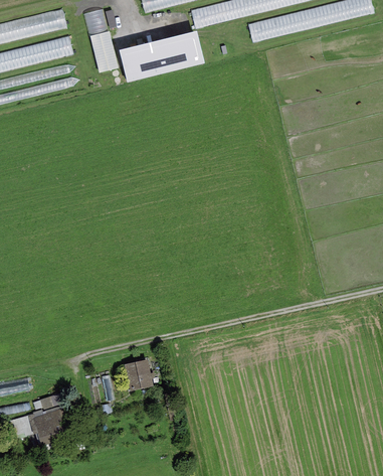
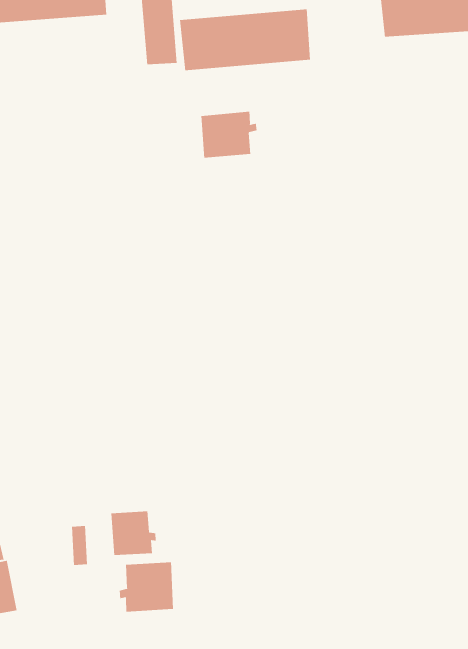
building: none -> [201,111,257,158]
building: none -> [119,562,174,613]

